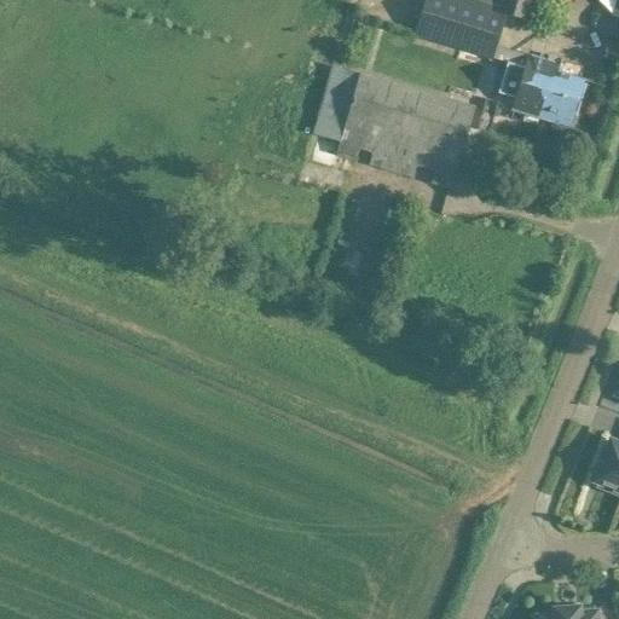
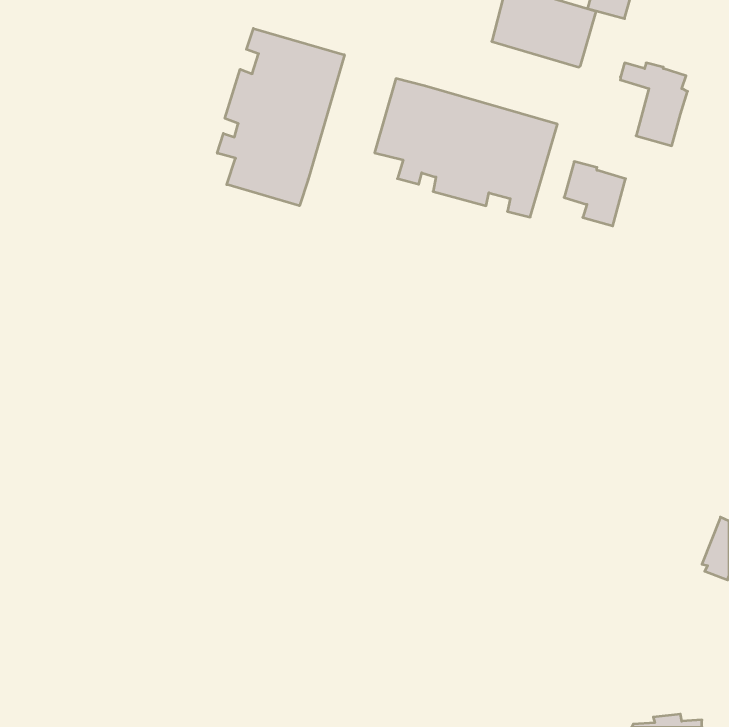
building: none -> [217,28,344,206]
building: [497,60,549,115] -> [564,162,626,226]

